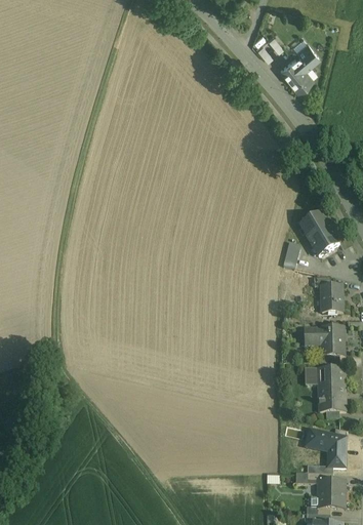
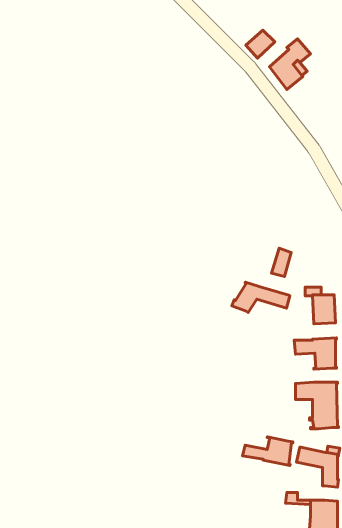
building: [299,212,339,255] -> none
building: none -> [232,282,290,312]
building: none -> [242,437,293,465]

